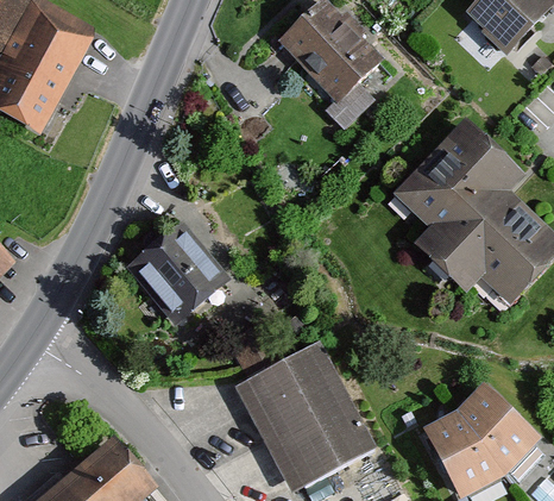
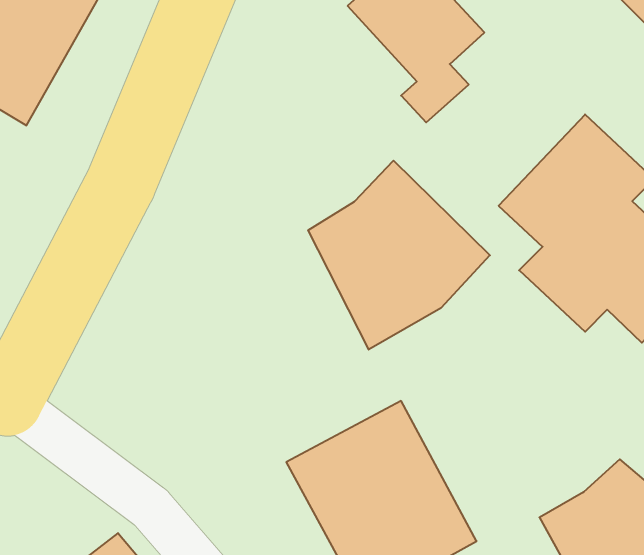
building: none -> [308,161,490,350]
building: [124,220,229,325] -> none

